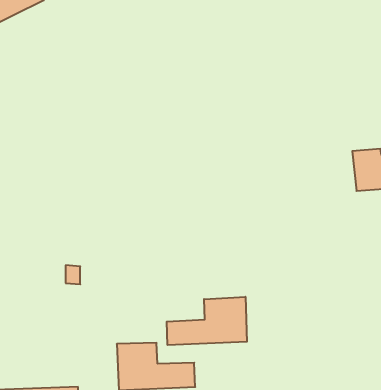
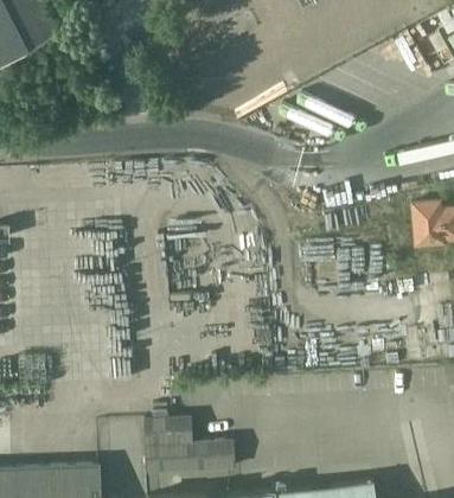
building: [167,297,247,345] -> none

